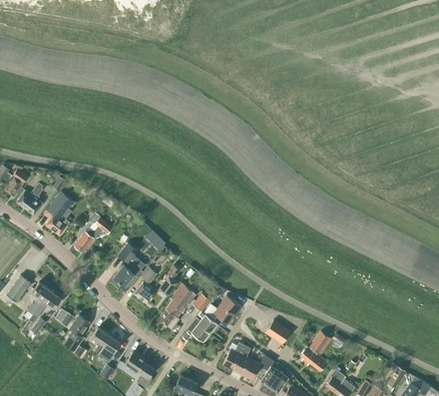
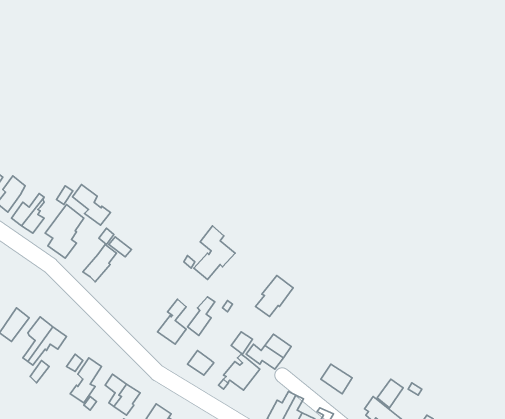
building: none -> [72,185,111,225]
building: [113,243,146,286] -> [194,226,235,279]
building: [166,284,196,317] -> [256,275,293,317]

